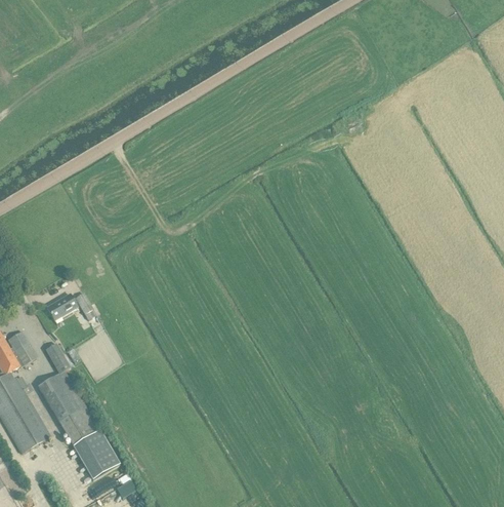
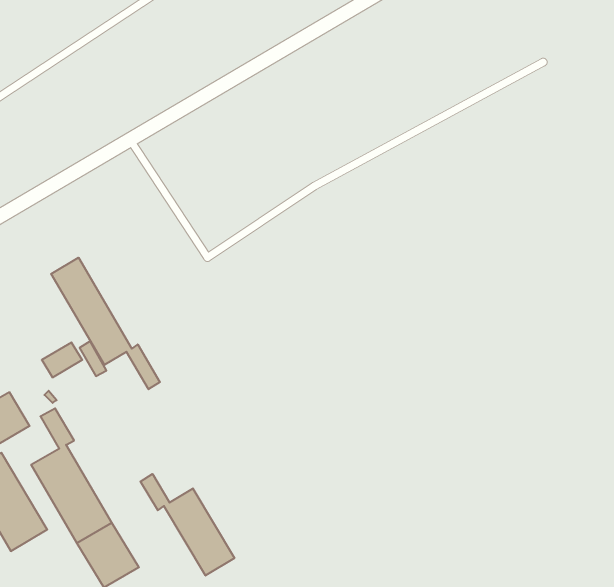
building: none -> [51,258,160,389]
building: none -> [140,474,234,576]

